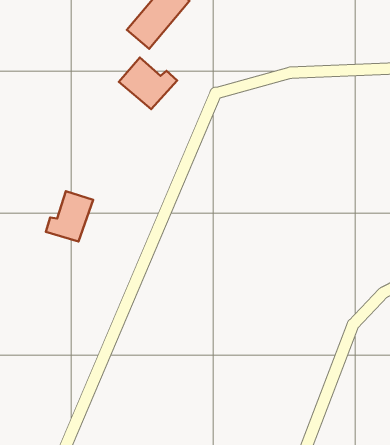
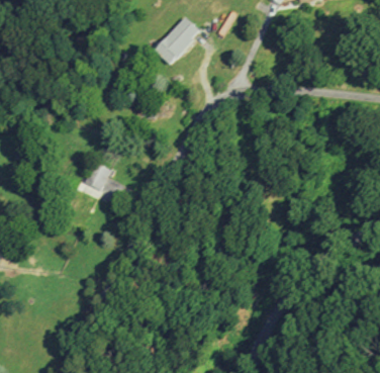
building: [119,58,177,109] -> none

